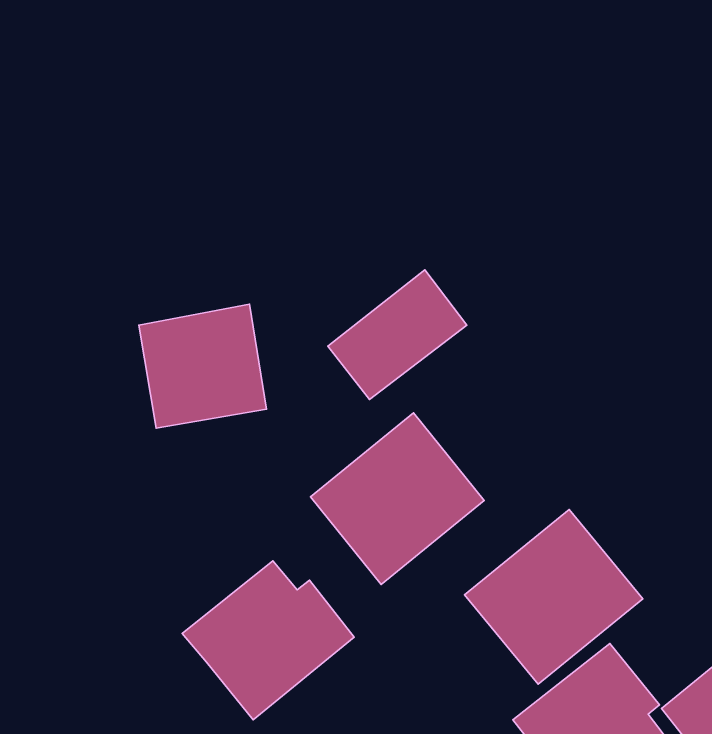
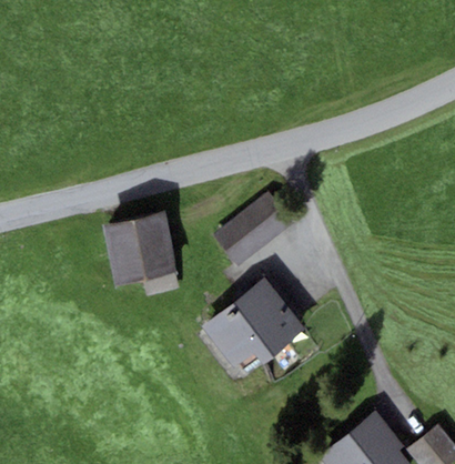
building: [464,510,643,684] -> none
building: [182,561,354,720] -> none

